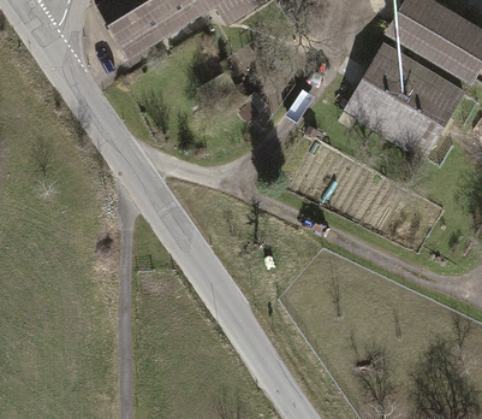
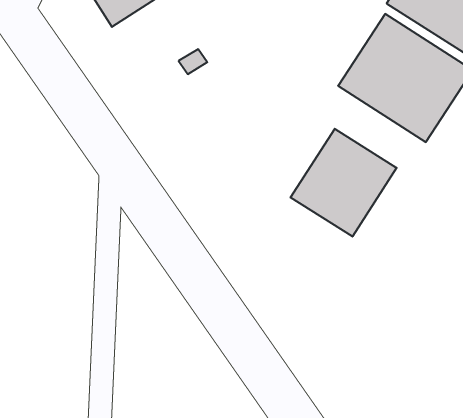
building: none -> [291,129,397,237]

